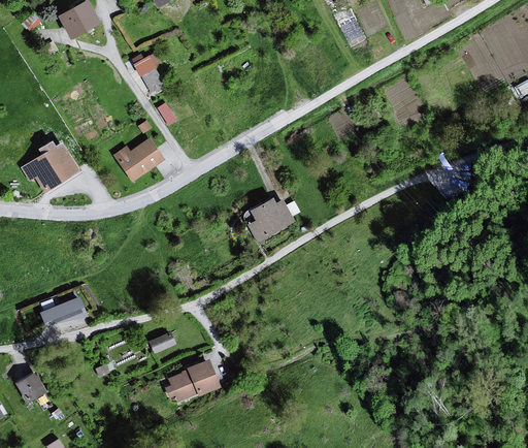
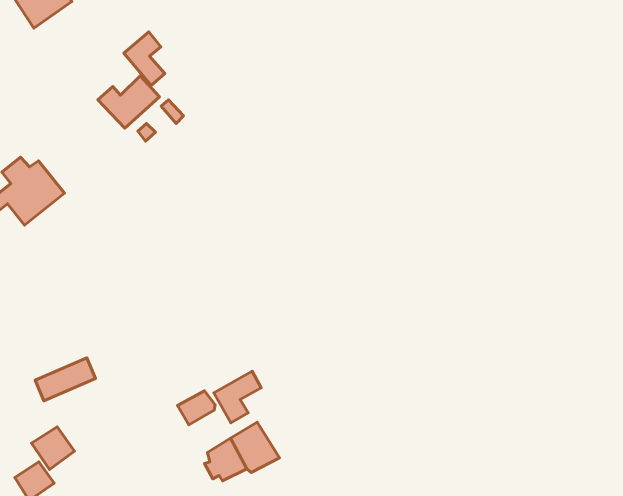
building: [113,140,161,180] -> [98,76,160,128]
building: [248,196,294,241] -> none
building: none -> [214,371,261,423]
building: none -> [32,427,75,470]

